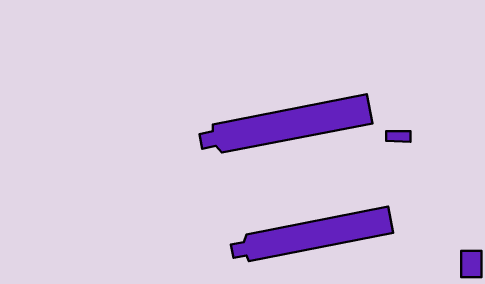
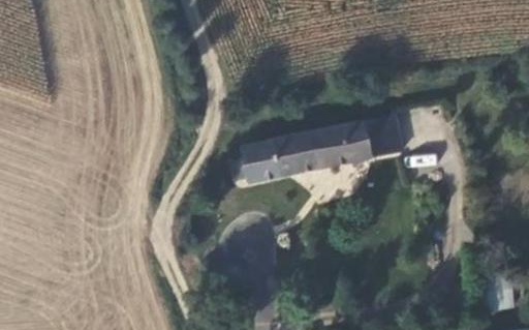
building: [231,206,393,261] -> none

